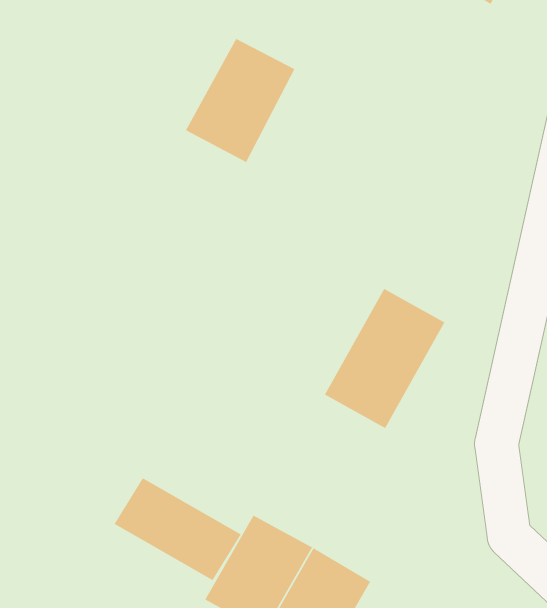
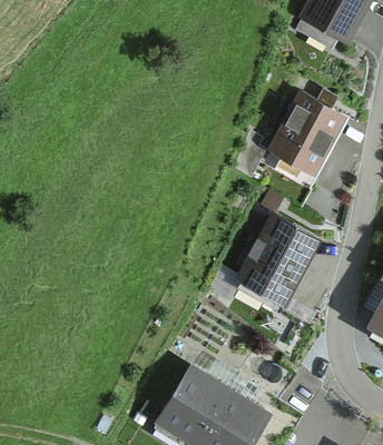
building: [185,38,296,163] -> [268,102,336,179]
building: [113,477,242,581] -> none

